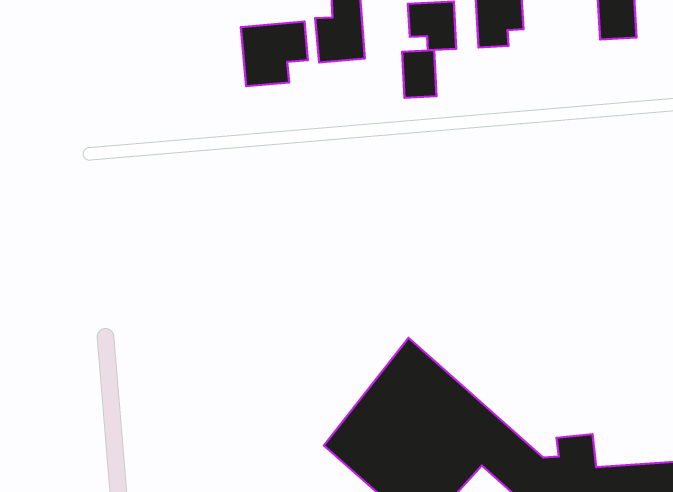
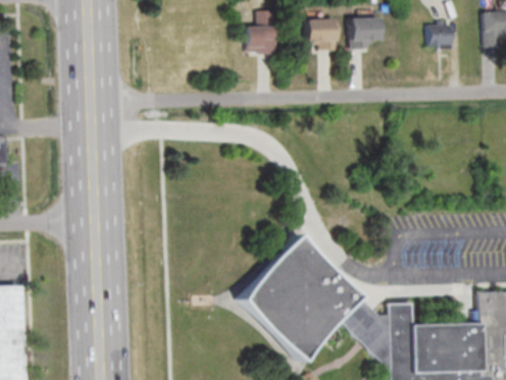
building: [241,21,308,86] -> none
building: [402,50,437,98] -> none

